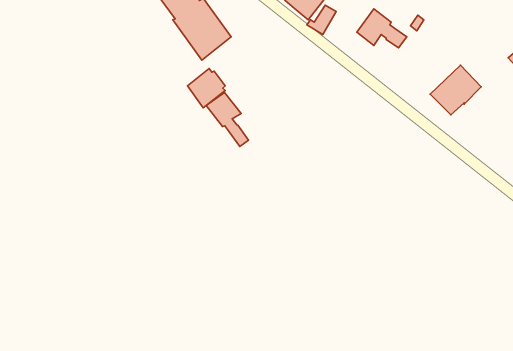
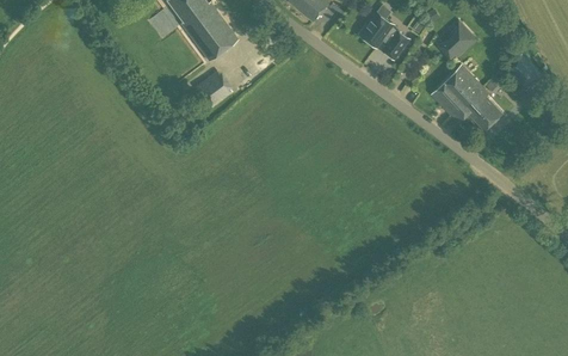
building: none -> [438,20,476,59]
building: none -> [451,88,501,130]
building: [206,92,249,147] -> none

